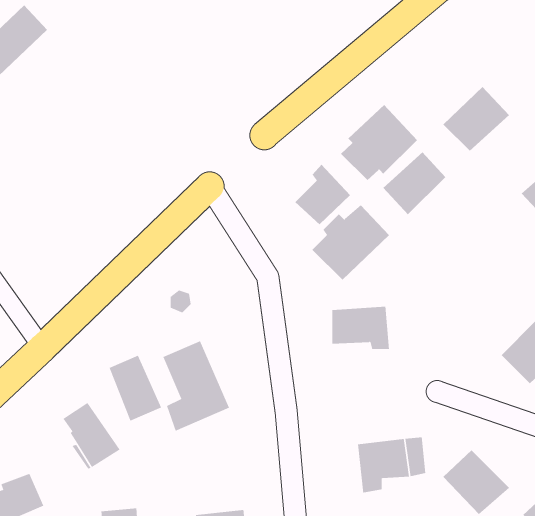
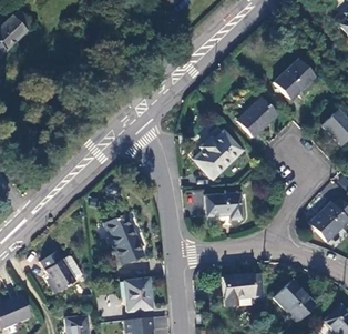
building: [340,104,418,181] -> none
building: [295,164,351,225] -> none
building: [109,355,162,421] -> none
building: none -> [123,279,152,312]

